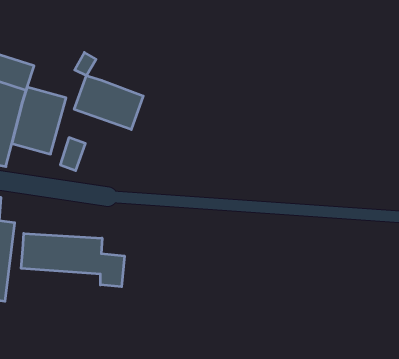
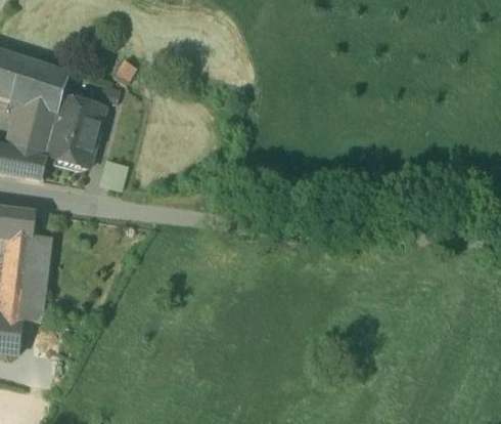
building: [74,76,143,130] -> none
building: [21,233,124,287] -> none

